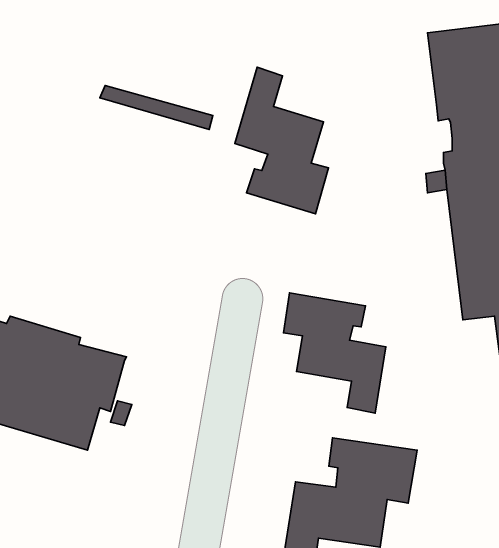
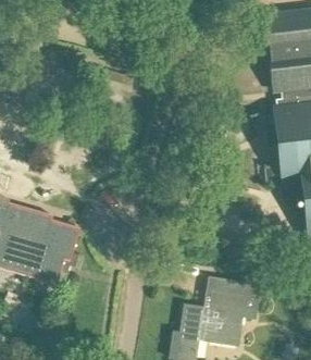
building: [235,67,329,214] -> none
building: [283,293,386,413] -> none

